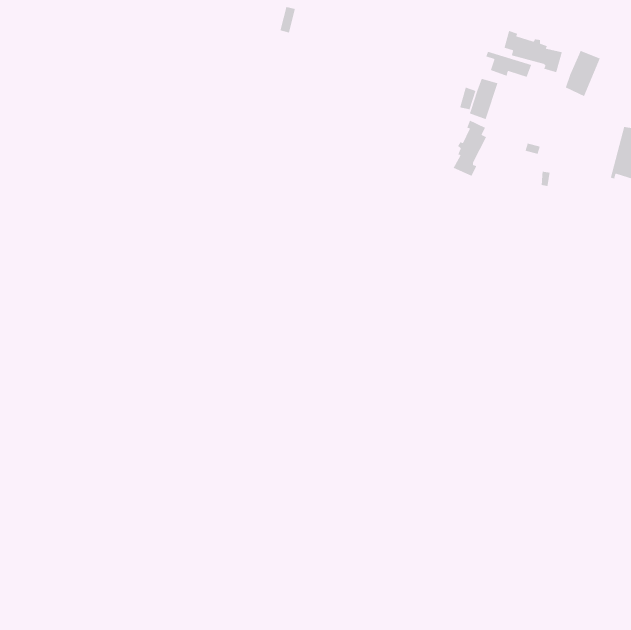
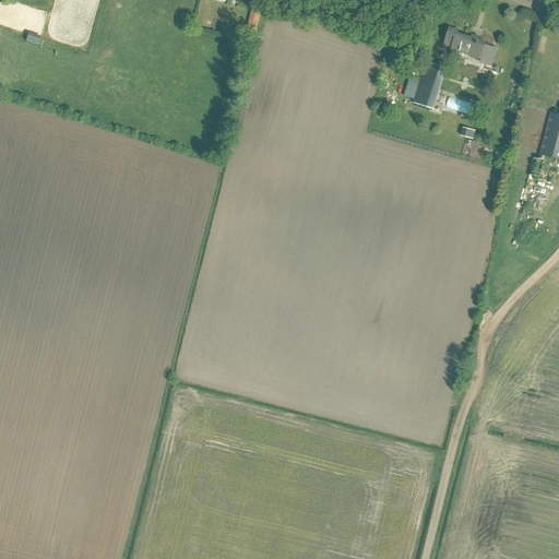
building: [565,50,601,97] -> none
building: [452,119,487,177] -> none

